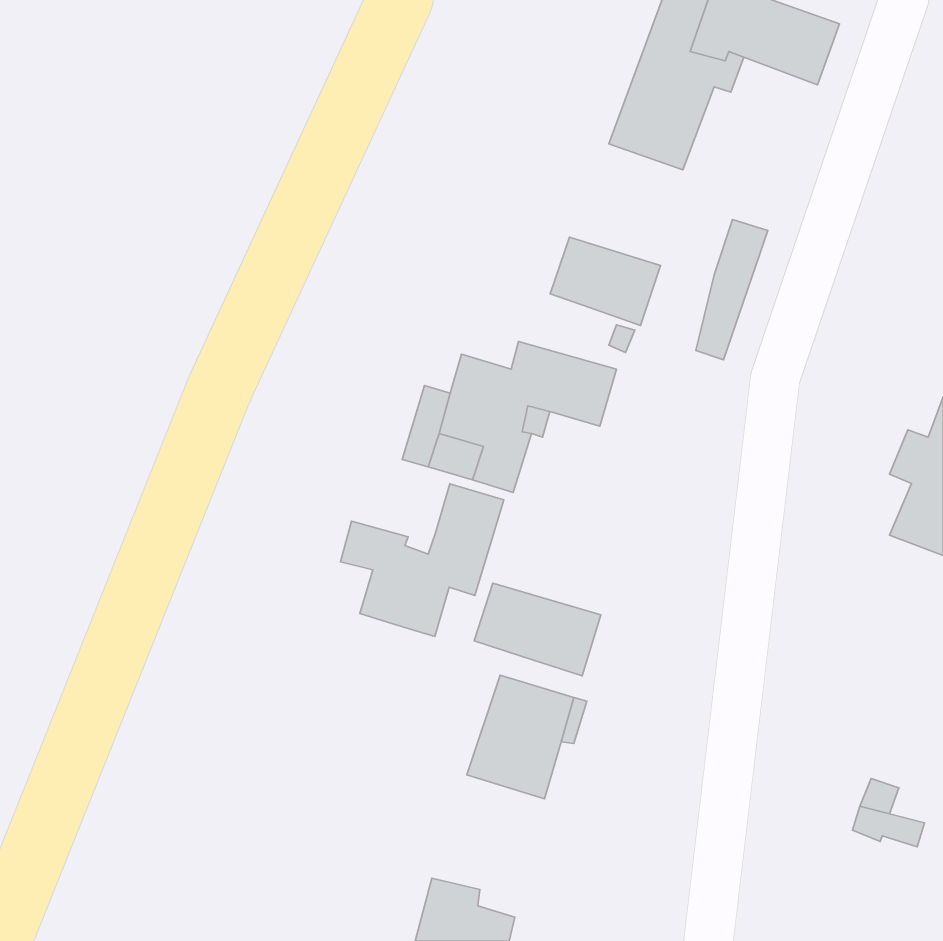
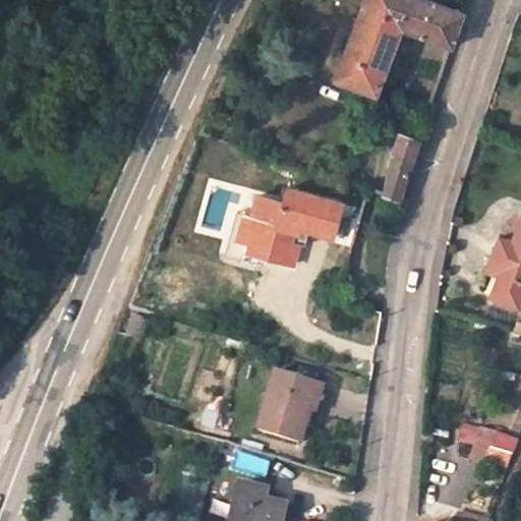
building: [550,237,661,325] -> none
building: [341,484,504,636] -> none
building: [474,583,601,676] -> none

